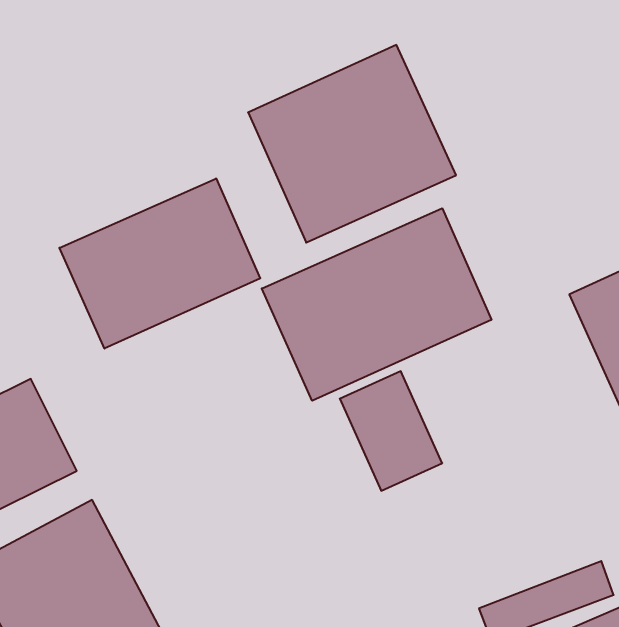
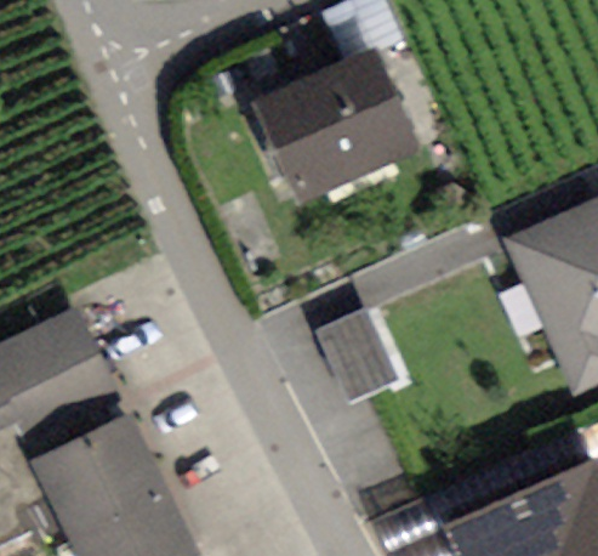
building: [59,178,260,349] -> none
building: [262,208,491,401] -> none

